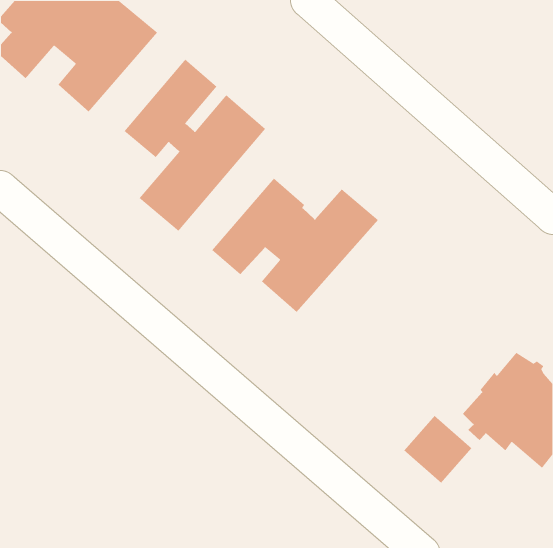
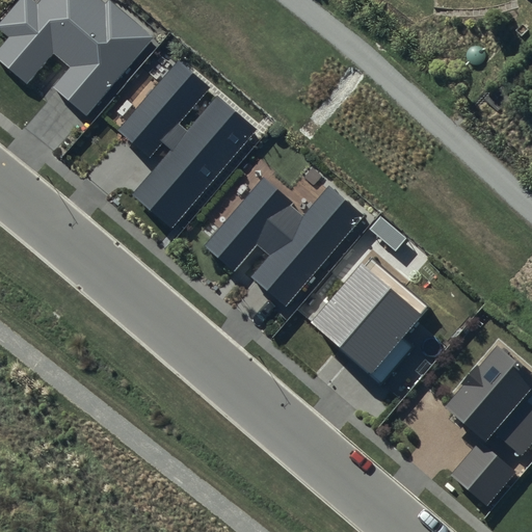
building: none -> [310,259,427,388]
building: [403,415,472,484] -> [450,441,516,507]

